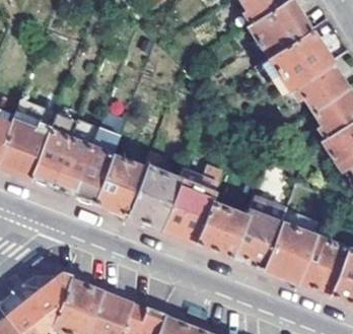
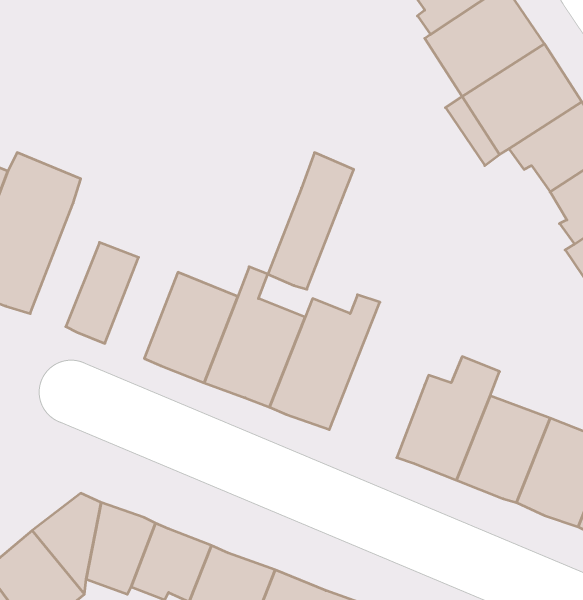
building: [31,116,75,183] -> none
building: [72,126,119,200] -> [268,153,354,289]
building: [194,200,245,254] -> none

